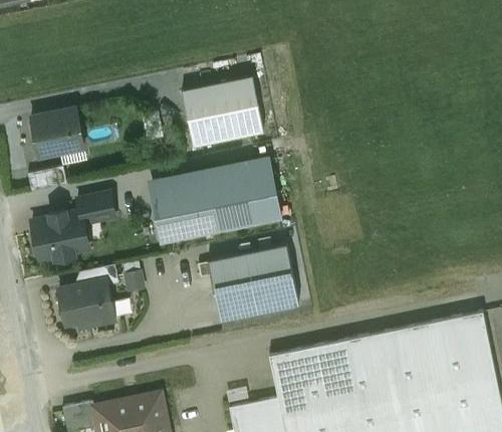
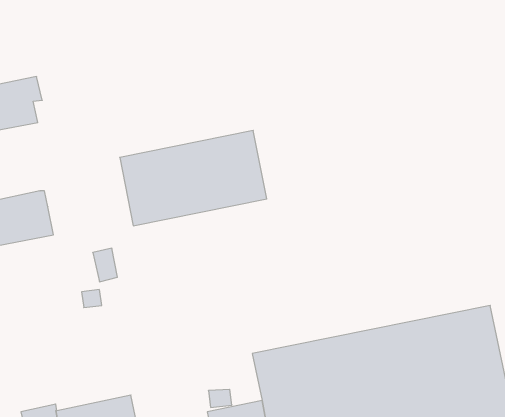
building: [181,77,263,147] -> none
building: [76,191,115,225] -> none
building: [209,246,297,319] -> none
building: [58,281,114,325] -> none

